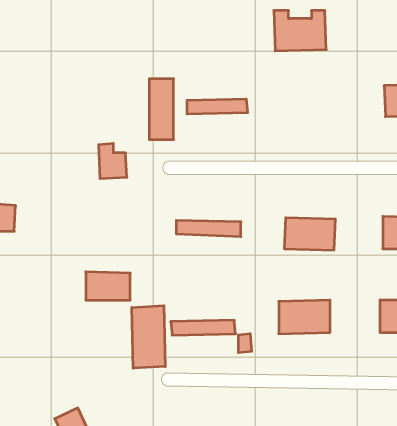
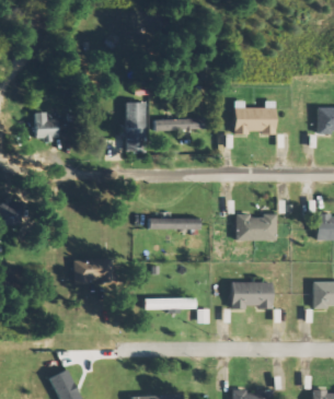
building: [274,11,326,51] -> [233,101,276,133]
building: [99,143,127,179] -> [35,112,58,140]
building: [132,306,165,368] -> none

